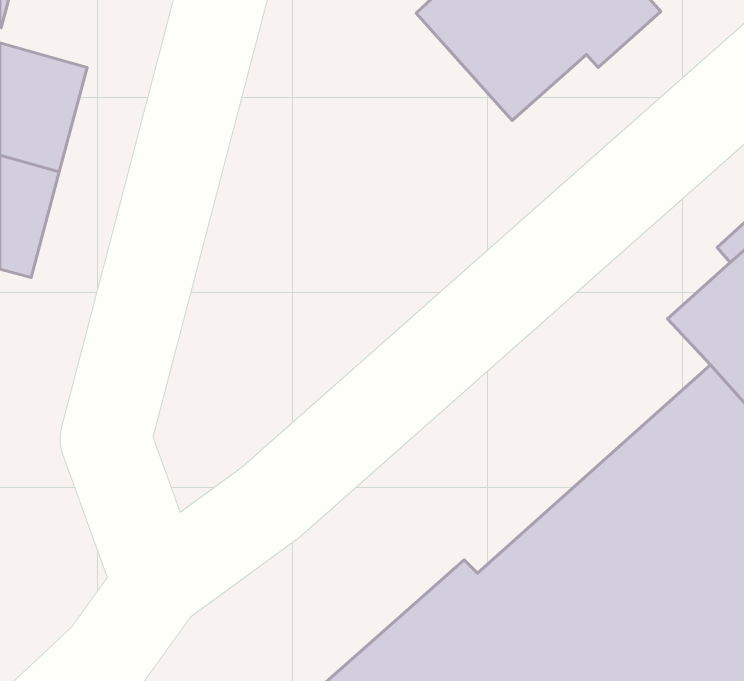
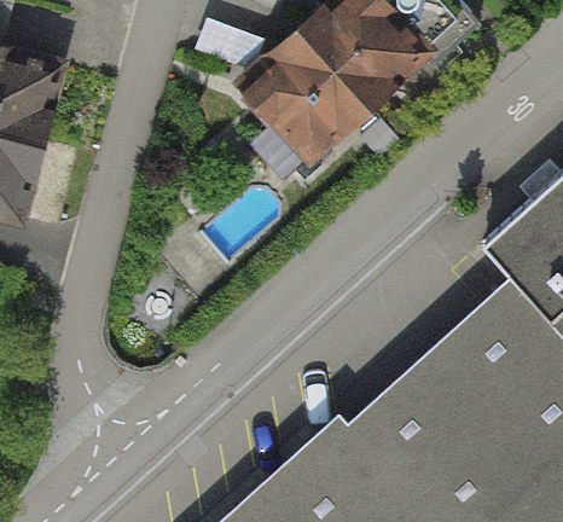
building: none -> [240,22,375,179]

